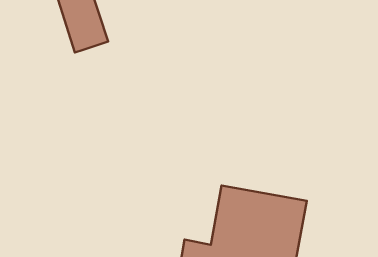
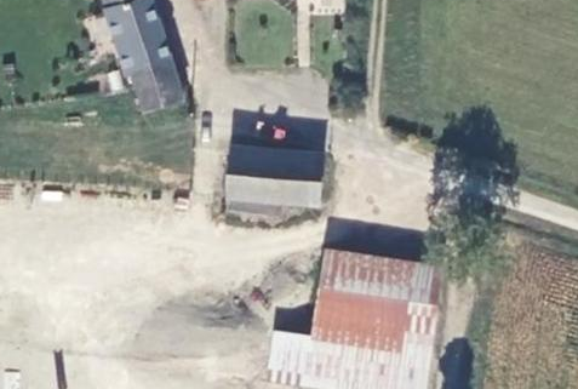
building: none -> [137,61,183,108]
building: none -> [227,150,316,216]

